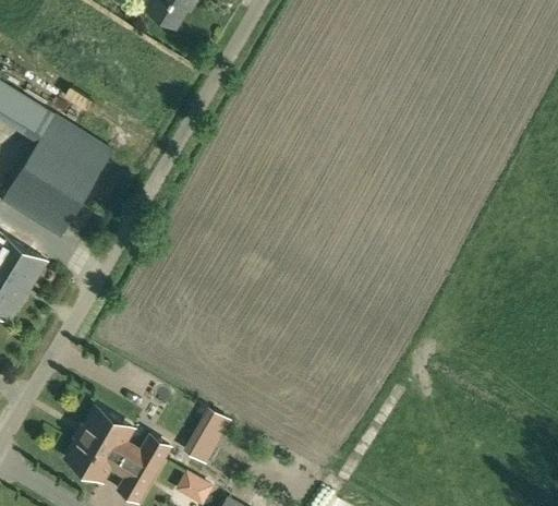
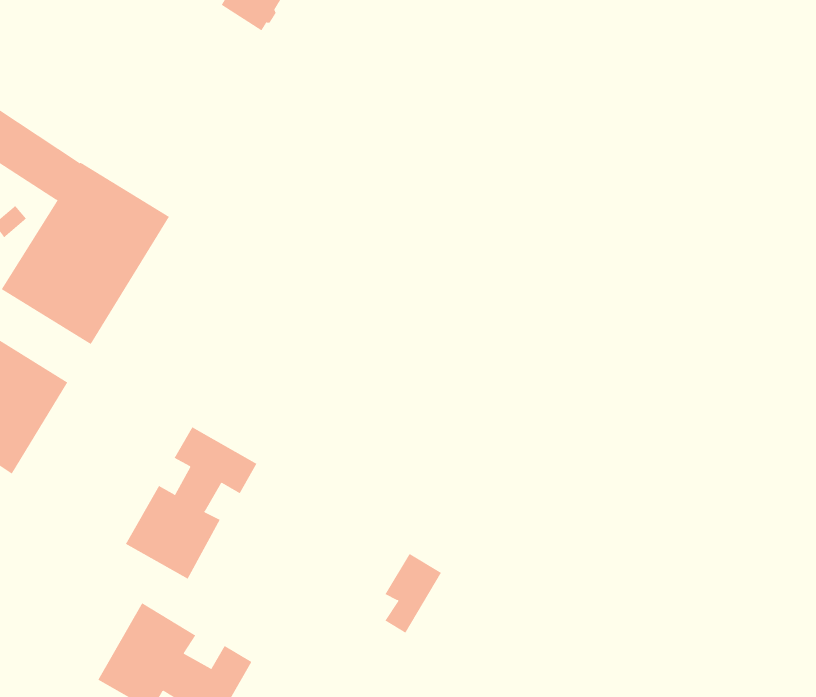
building: none -> [125,426,257,580]
building: [190,409,228,462] -> [384,553,442,634]

